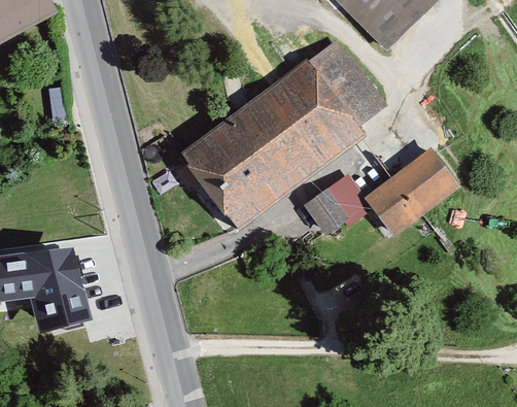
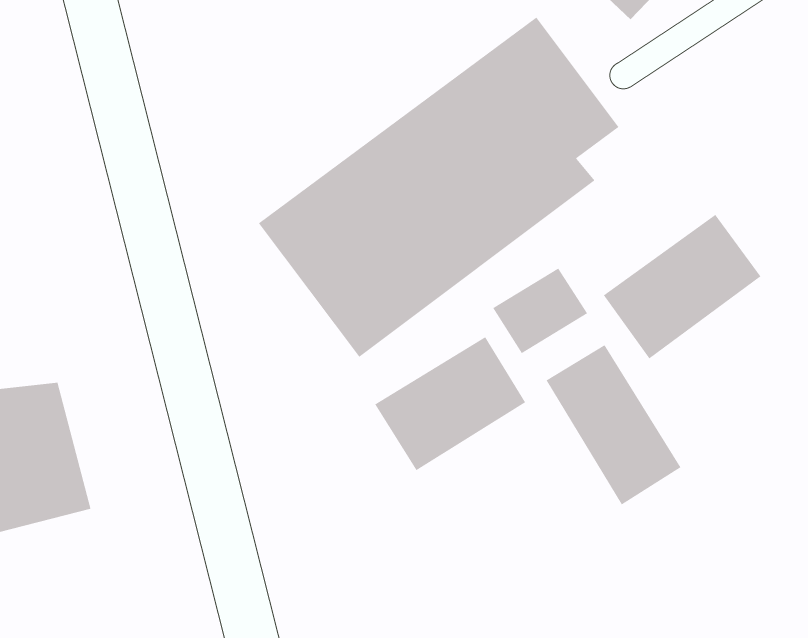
building: none -> [374,336,526,471]
building: none -> [545,344,681,505]

